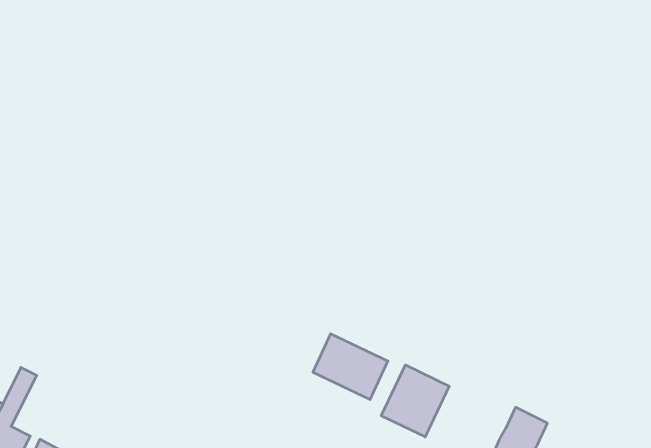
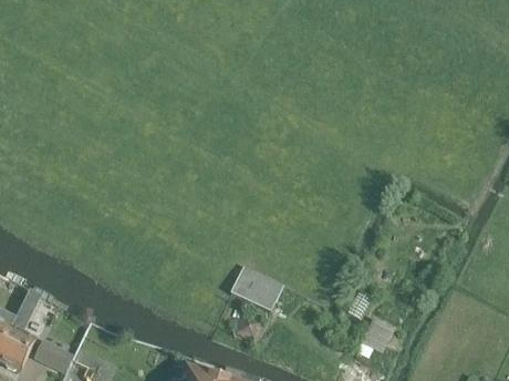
building: [381,365,449,437] -> none

